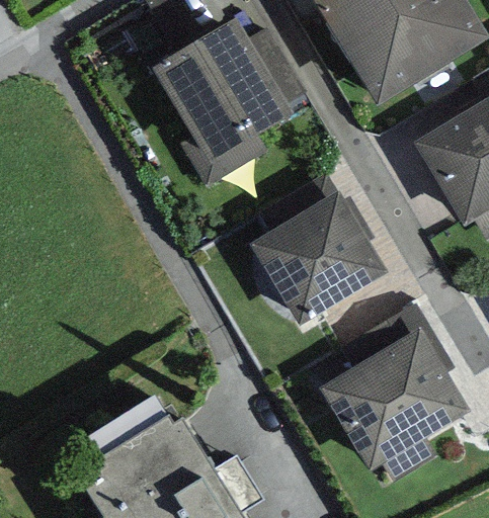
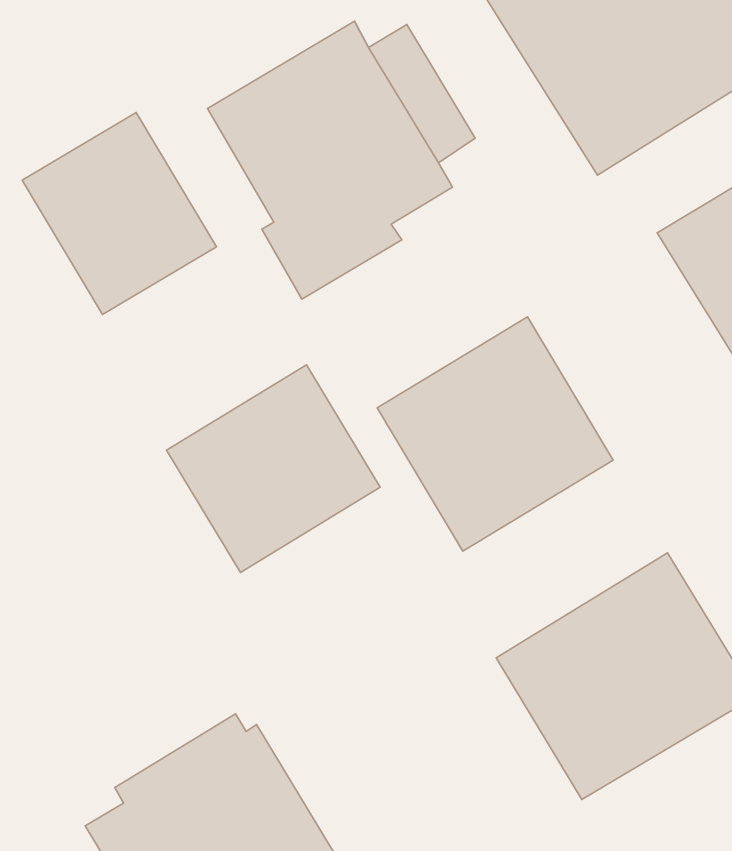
building: none -> [22,113,216,314]
building: none -> [167,365,380,572]

